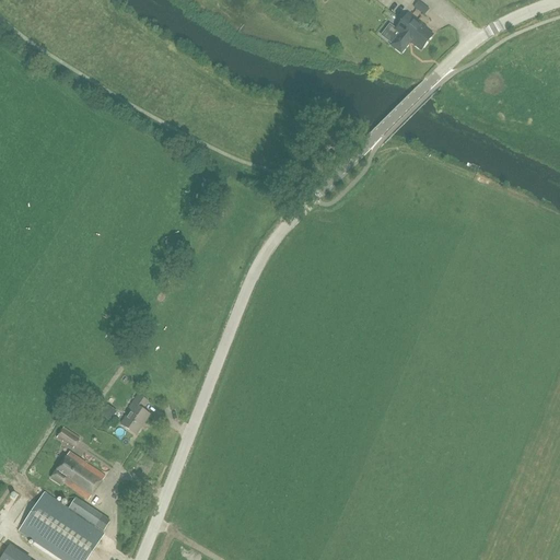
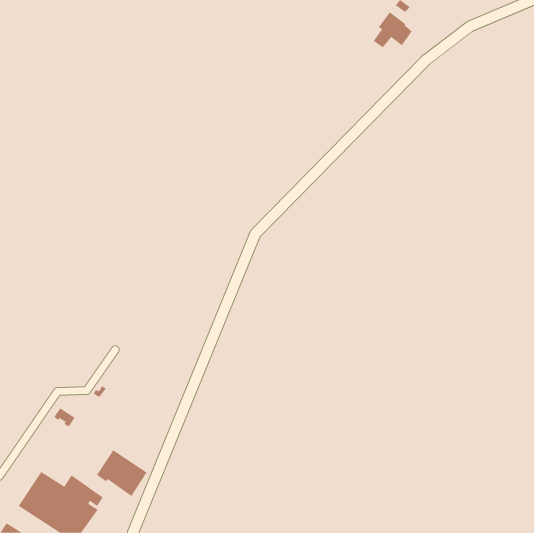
building: [120,393,149,433] -> none
building: [50,450,104,499] -> [96,450,147,497]

